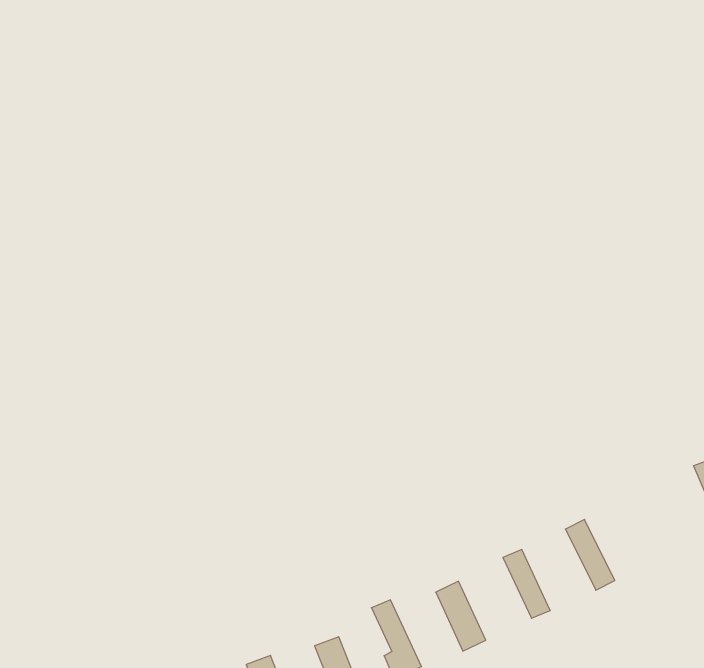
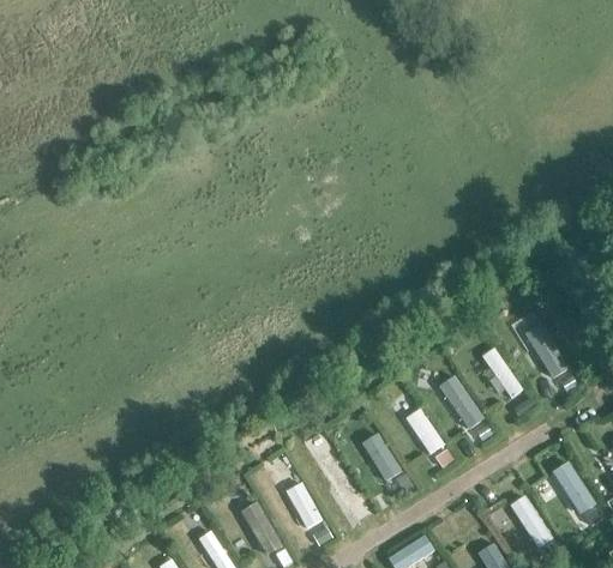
building: none -> [481,348,522,397]

